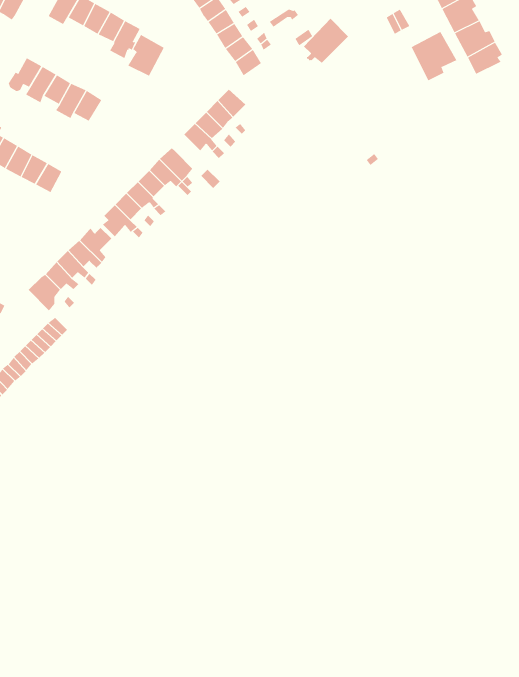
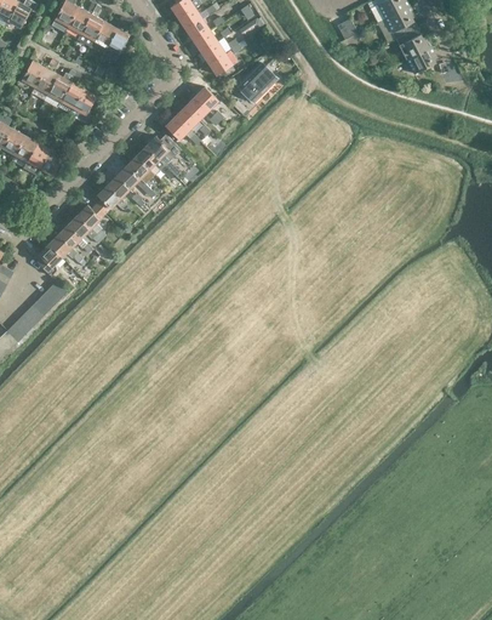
building: [303,18,349,64] -> [238,63,276,102]
building: [411,31,457,81] -> none
building: [128,34,164,76] -> none

